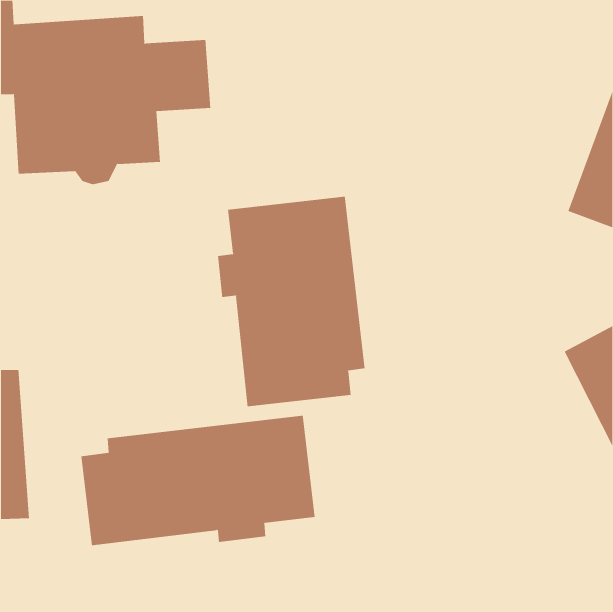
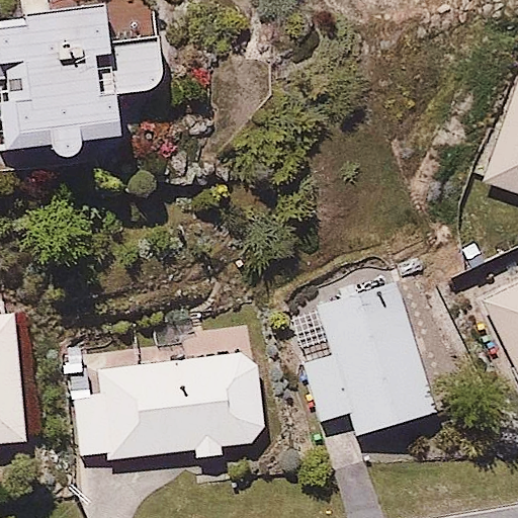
building: [217,196,365,407] -> none
building: none -> [298,277,438,438]

